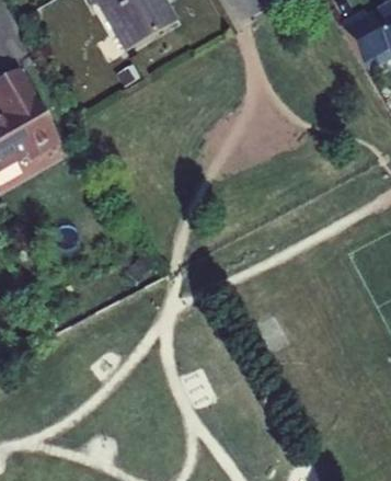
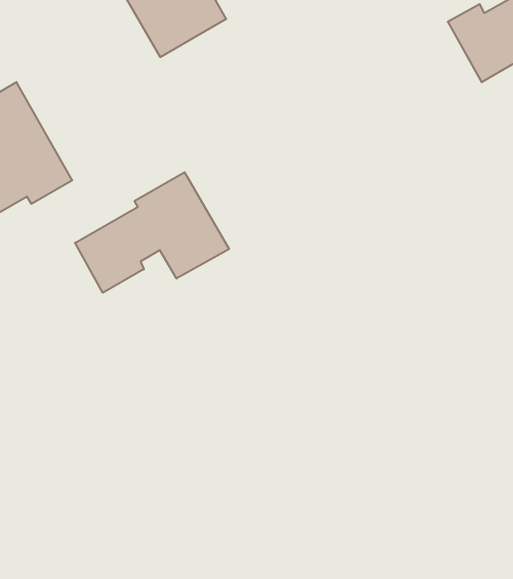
building: none -> [75,172,229,293]

